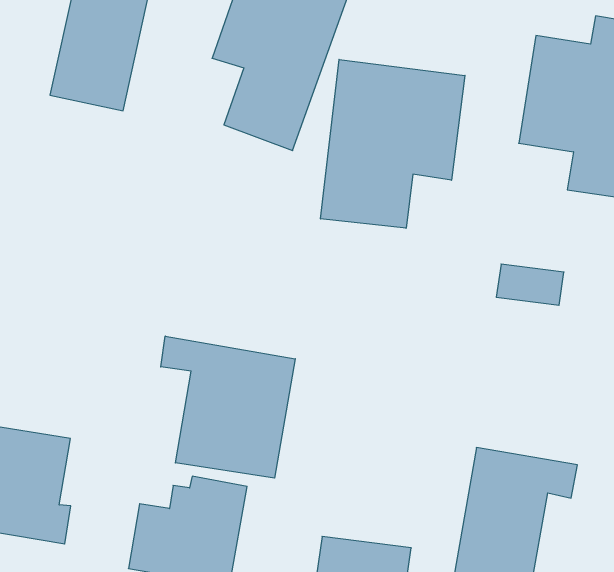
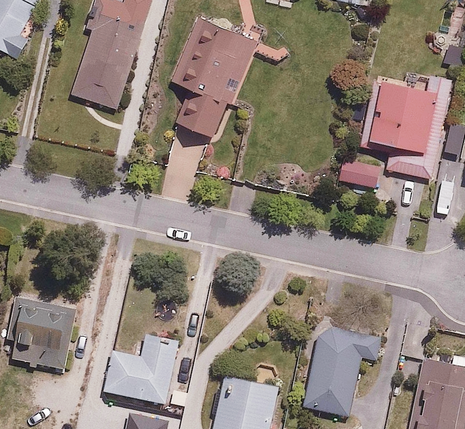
building: [321,59,465,228] -> none
building: [496,264,564,305] -> [337,161,379,188]
building: [161,336,295,478] -> none

